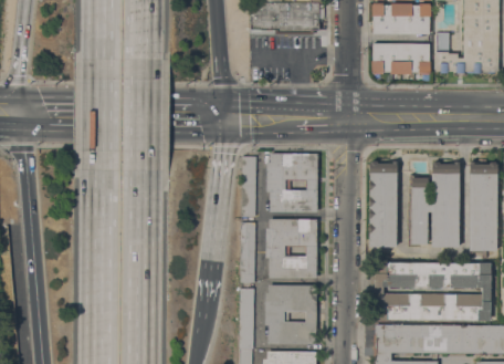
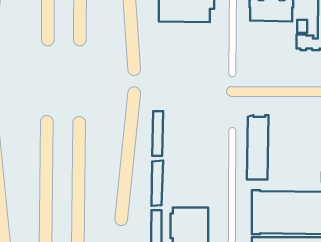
building: [370,43,430,74] -> none
building: [266,153,317,211] -> none
building: [408,159,459,247] -> none
building: [265,219,316,278] -> none

